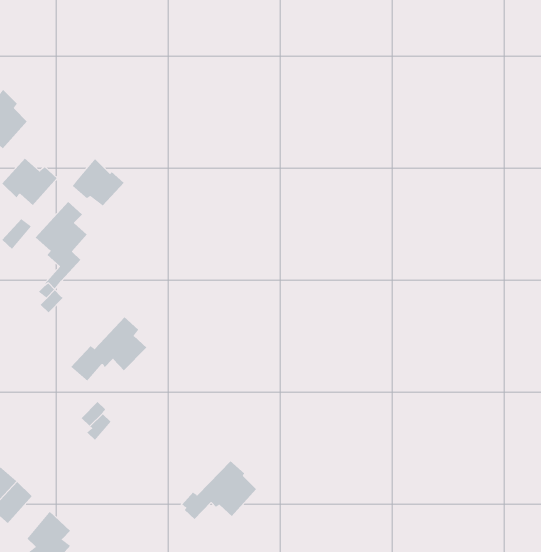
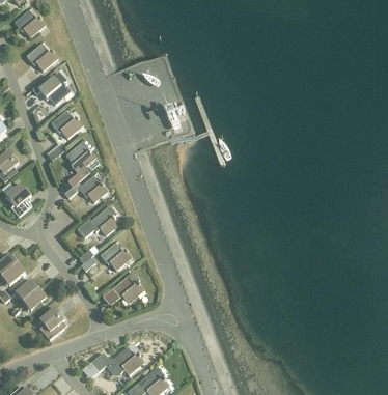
building: [72,158,124,206] -> [78,174,107,201]
building: none -> [100,242,131,270]
building: [181,460,257,520] -> [101,272,143,303]

